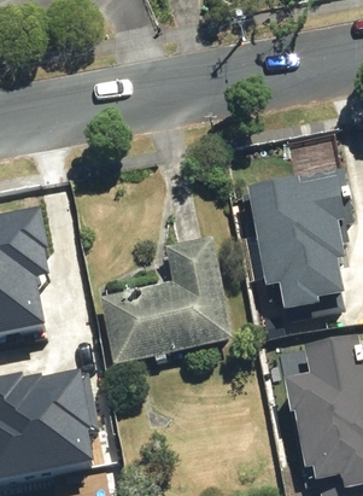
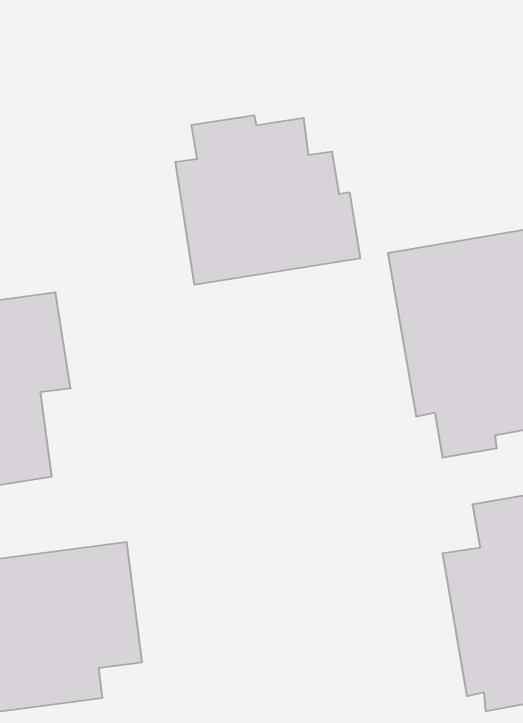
building: none -> [175,115,360,285]
building: [96,235,230,361] -> none

